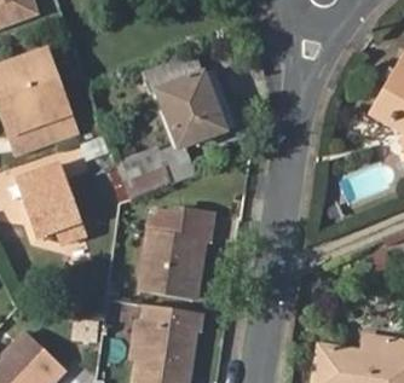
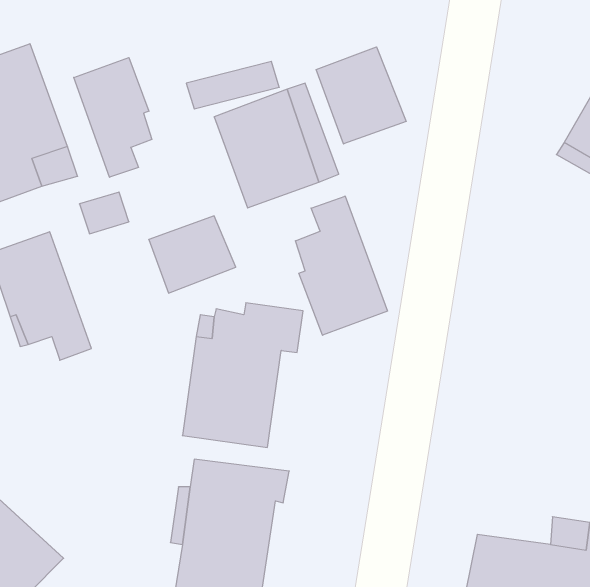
building: none -> [316,47,406,144]
building: none -> [74,58,152,177]
building: none -> [295,196,388,335]

